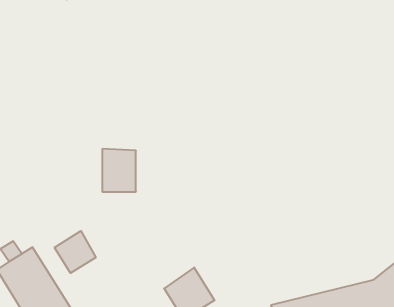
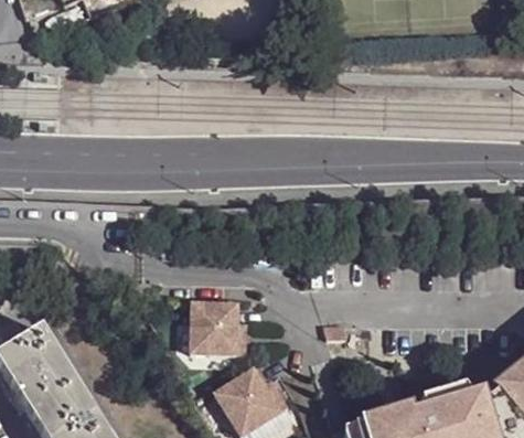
building: [102,149,136,192] -> [196,296,240,352]
building: [55,231,96,273] -> none

